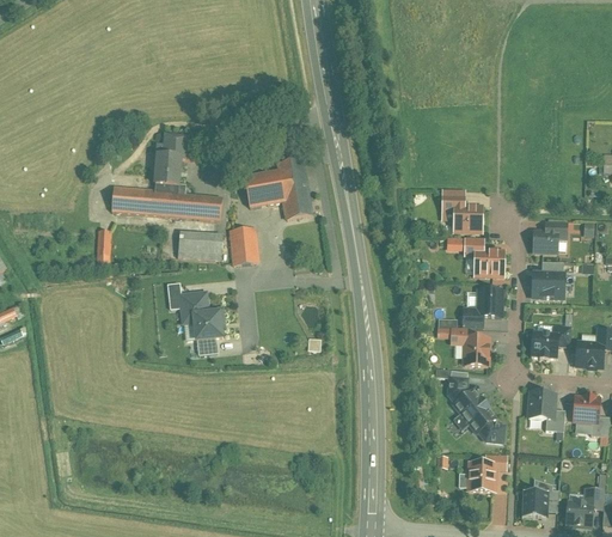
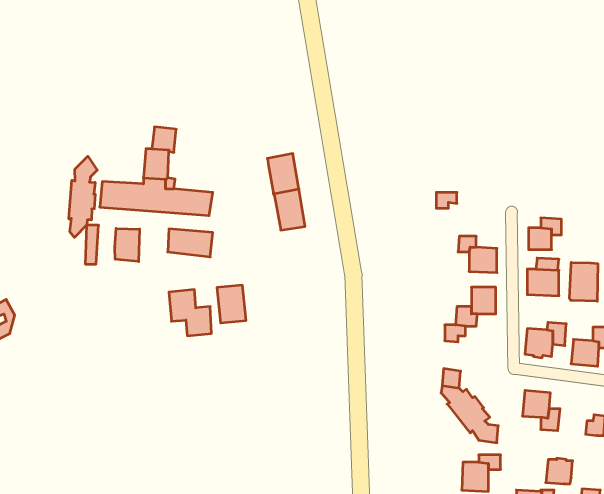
building: none -> [69,156,97,237]
building: [244,170,283,206] -> none
building: [454,206,481,231] -> none
building: [230,226,258,263] -> [217,285,246,323]
building: none -> [115,228,140,262]
building: none -> [570,262,598,301]
building: [464,337,488,365] -> none
building: [573,396,599,421] -> [546,458,573,484]

